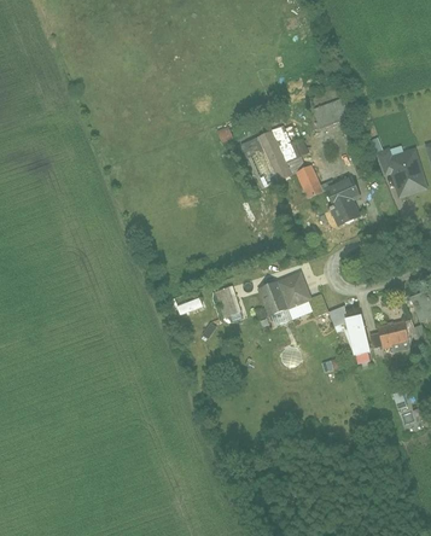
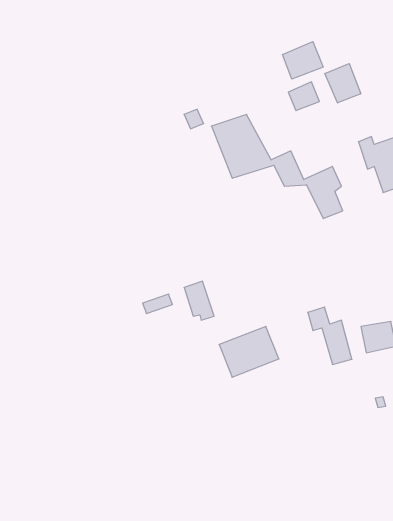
building: none -> [283,42,323,79]
building: none -> [325,64,361,103]
building: [257,268,313,315] -> [219,326,279,377]

